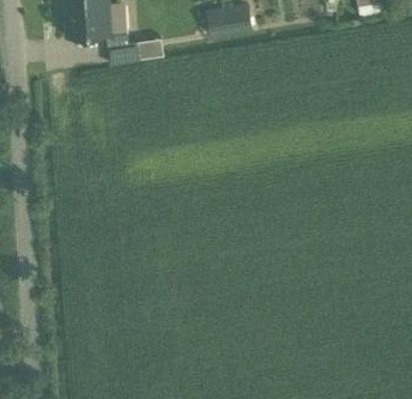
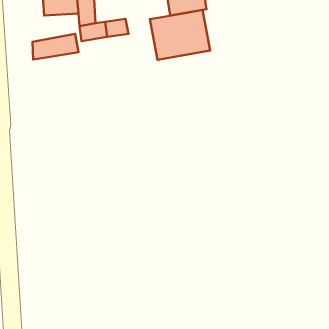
building: none -> [150,10,210,60]
building: none -> [32,34,79,60]

